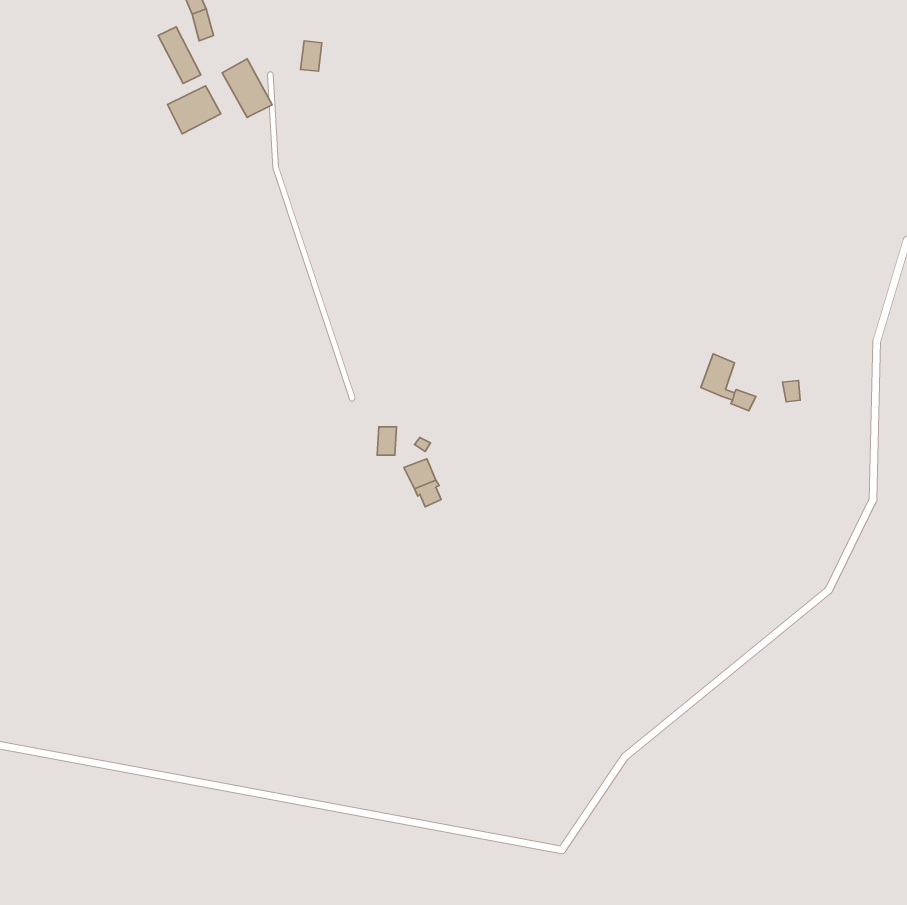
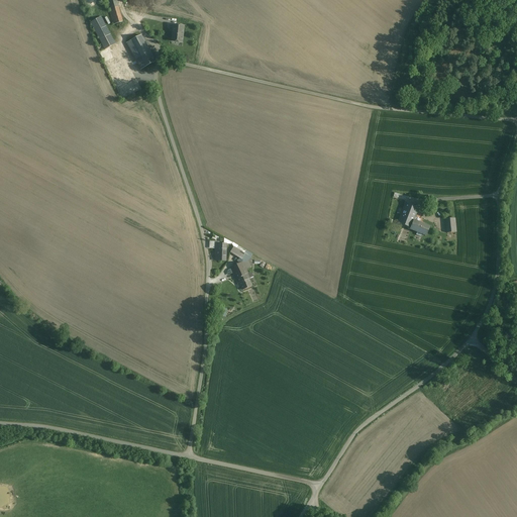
building: [168,86,221,134] -> none

